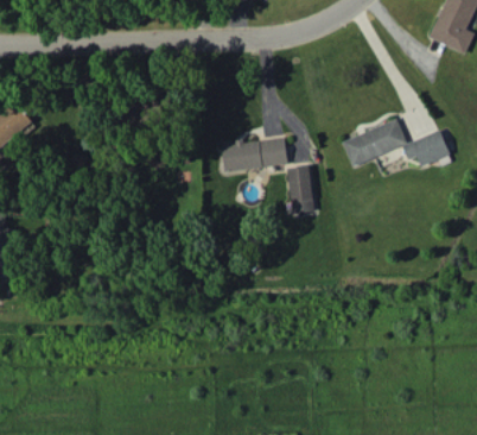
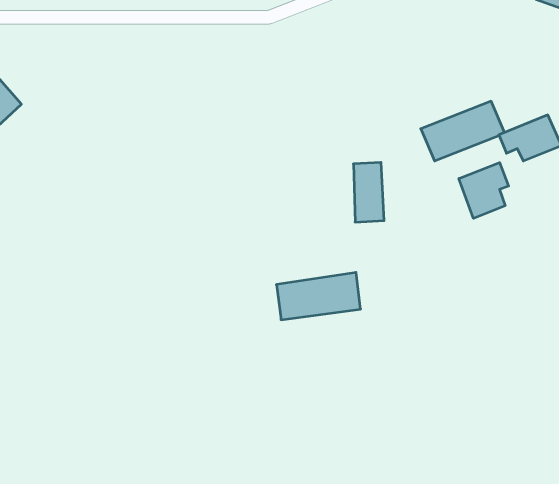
building: [221,137,286,174] -> [276,272,361,320]
building: none -> [459,163,509,218]

